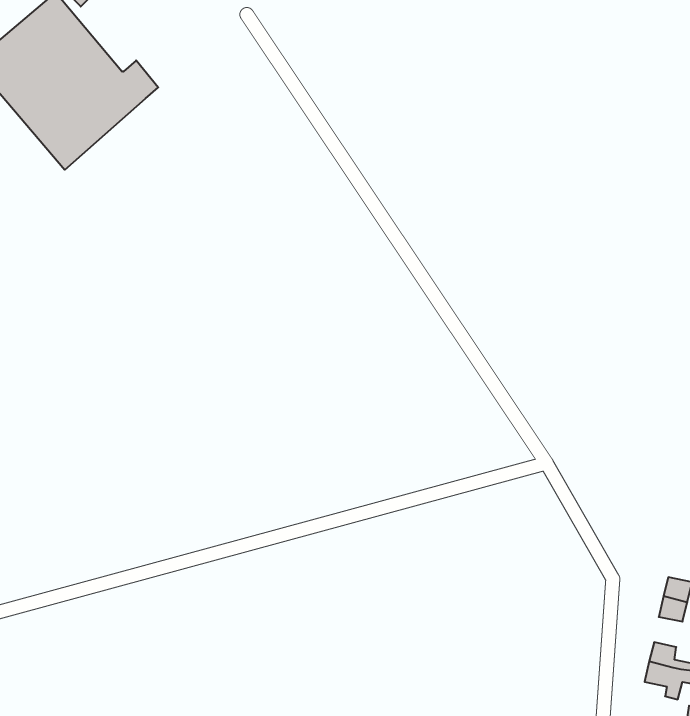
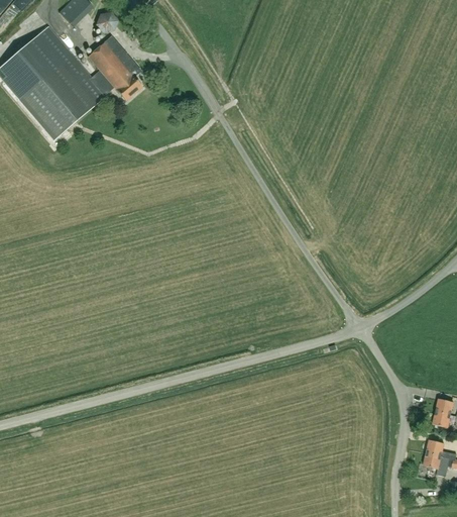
building: none -> [87,35,141,100]

